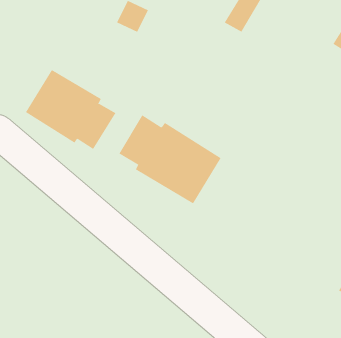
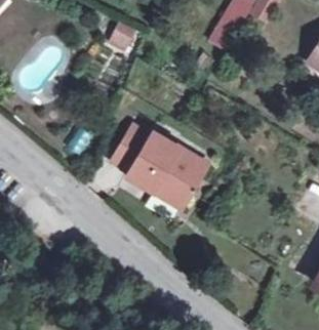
building: [25,69,116,150] -> none

